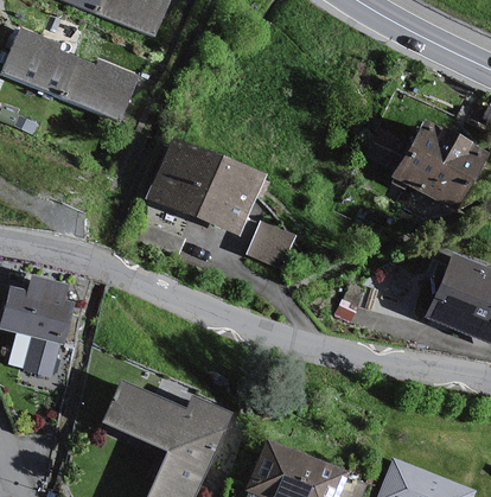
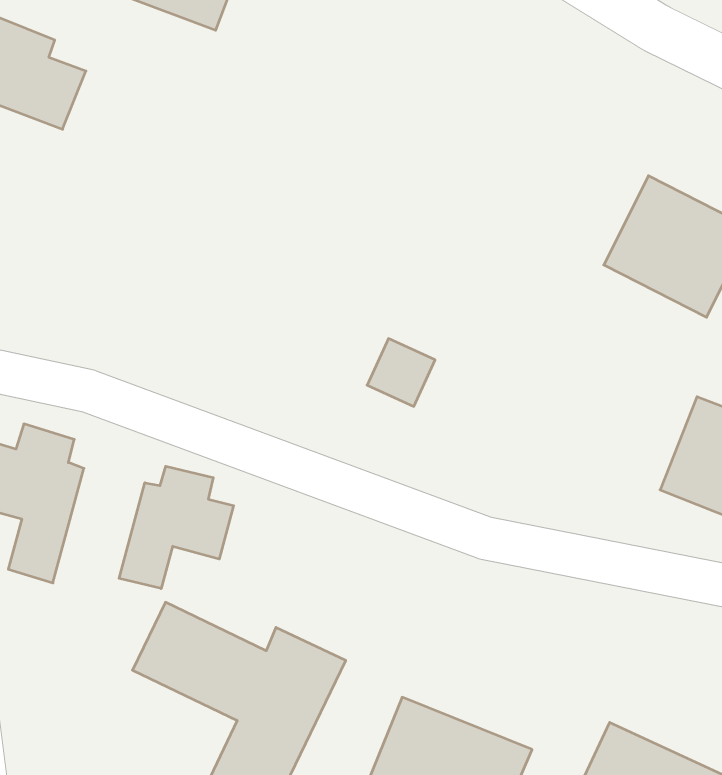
building: [60,56,136,116] -> none
building: [147,141,256,230] -> none
building: none -> [119,466,234,589]

